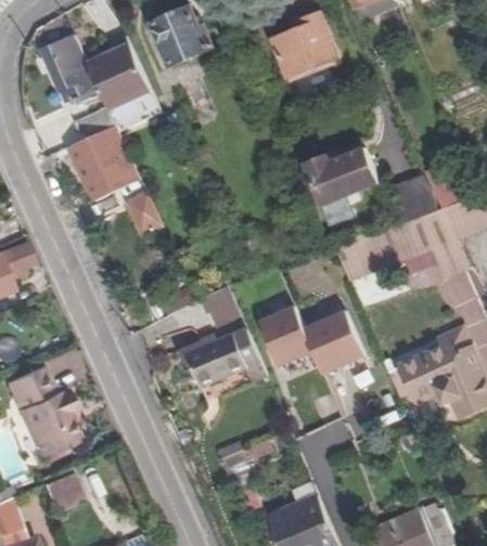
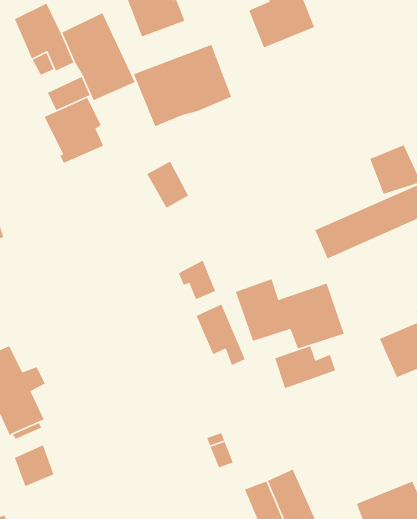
building: none -> [133,44,232,127]
building: [305,148,379,205] -> none
building: [121,191,164,238] -> [146,161,189,209]
building: [187,341,236,395] -> none
building: none -> [274,345,336,389]

